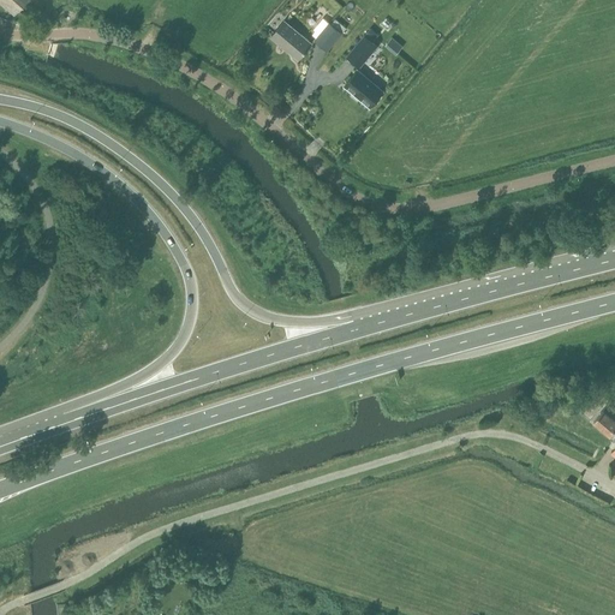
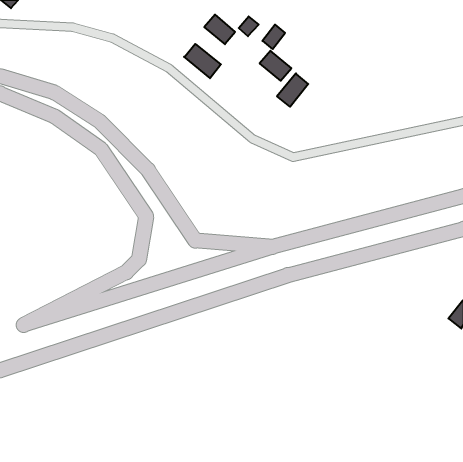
building: none -> [184,44,221,78]
building: none -> [277,73,308,107]

